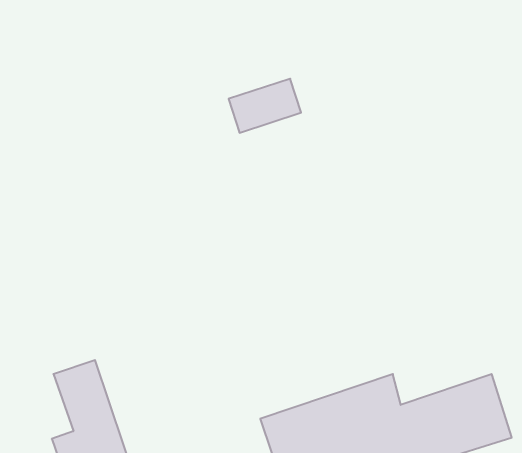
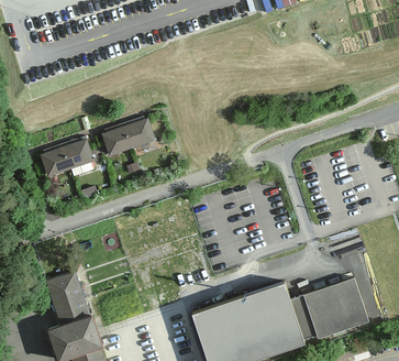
building: [229,79,301,133] -> [102,116,154,154]
building: none -> [40,135,93,176]

